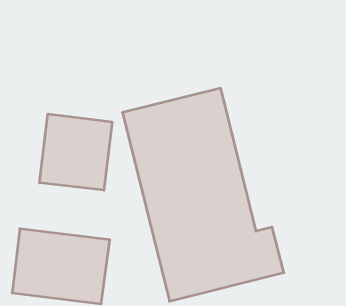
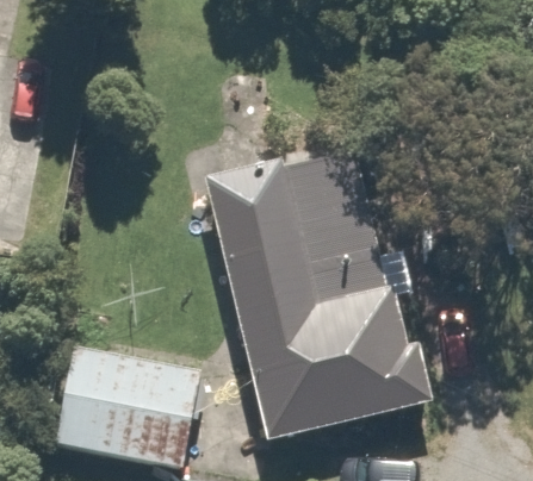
building: [40,114,112,190] -> none

